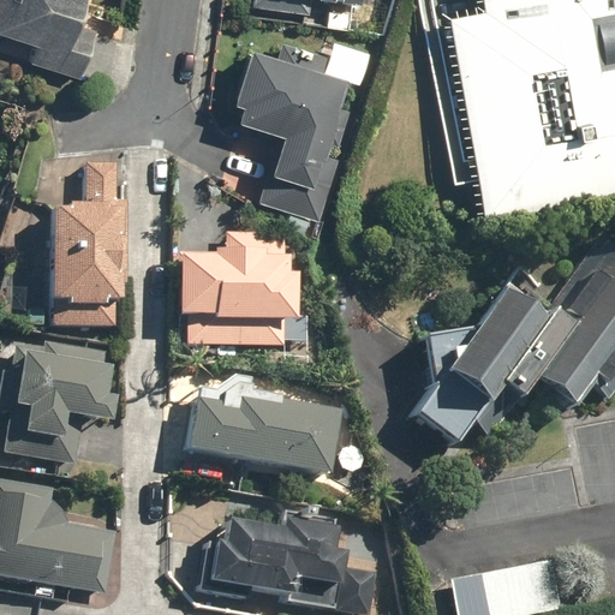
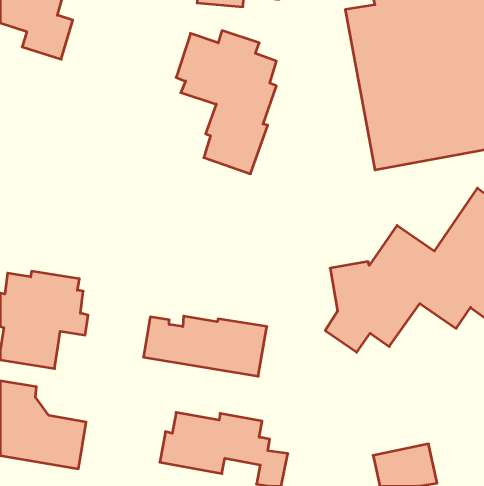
building: [53,162,126,326] -> none
building: [177,232,295,344] -> none

